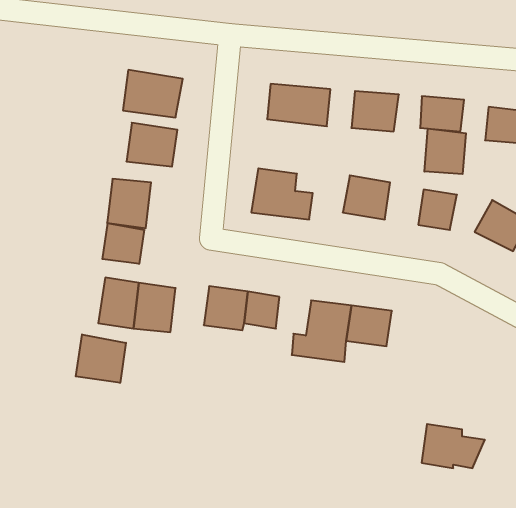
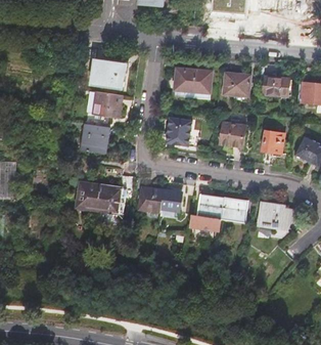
building: [424,129,466,174] -> none
building: [102,223,144,264] -> none
building: [76,334,126,383] -> none
building: [422,424,485,468] -> [258,204,294,229]

